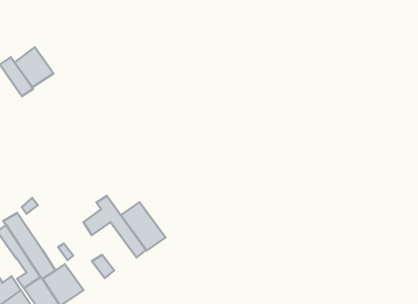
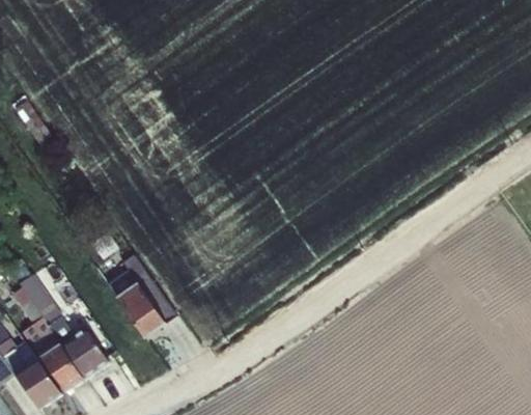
building: [14,47,53,87] -> none
building: [121,202,165,251] -> [116,283,166,337]

